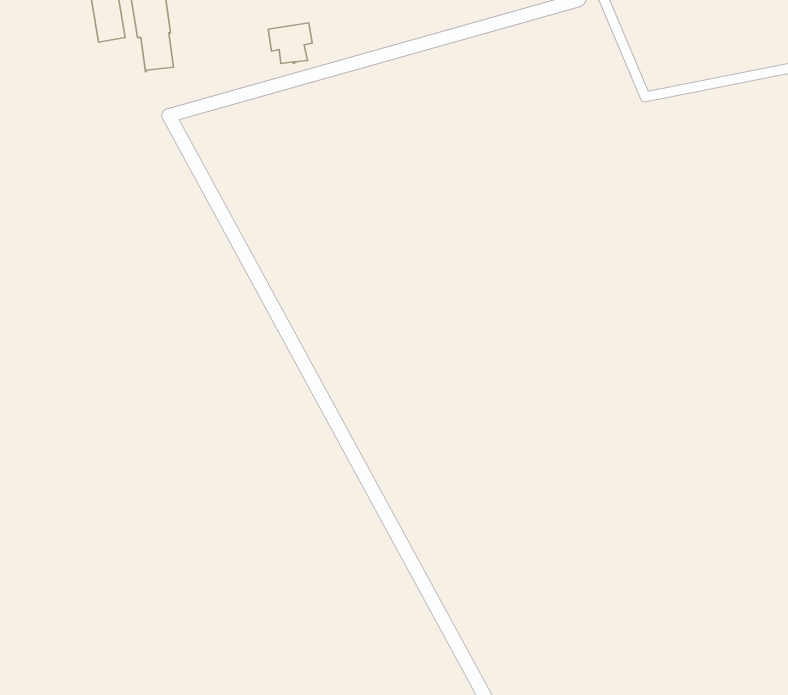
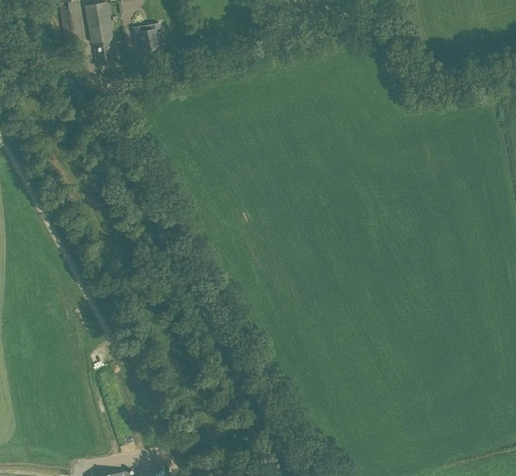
building: [268,23,312,64] -> [133,23,161,49]

